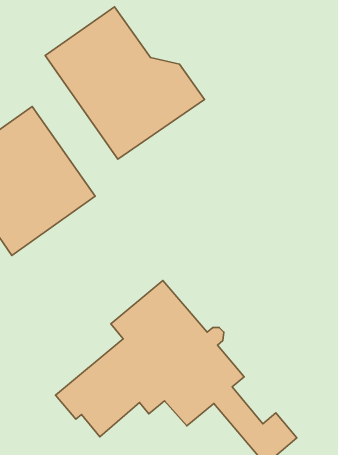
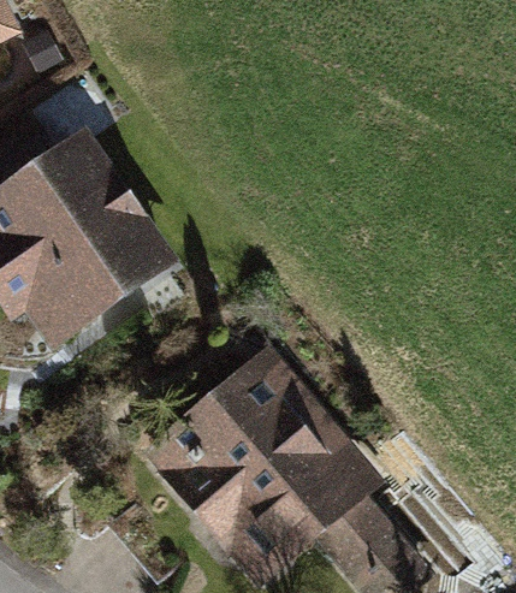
building: [45,7,204,159] -> none

